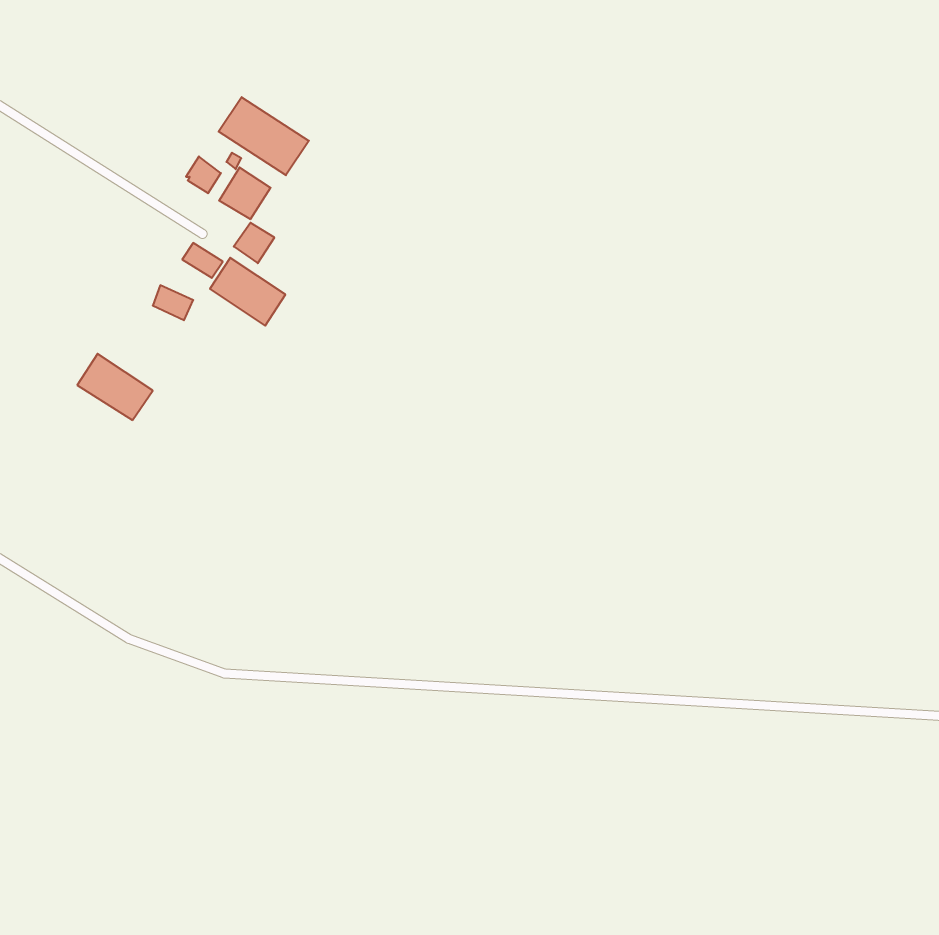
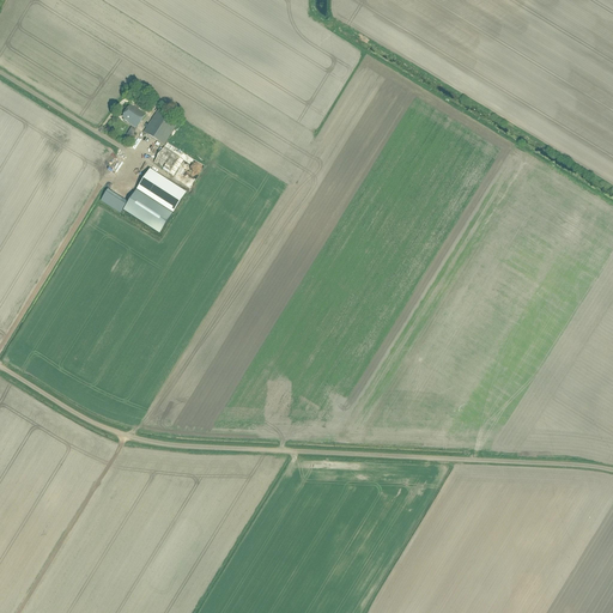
building: [219,97,309,175] -> none
building: [77,354,153,420] -> [122,188,171,231]

